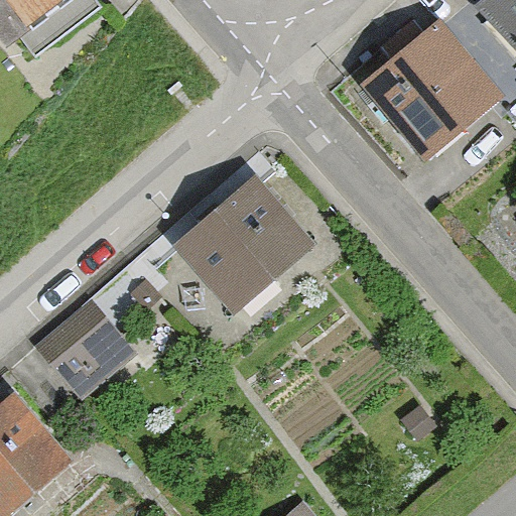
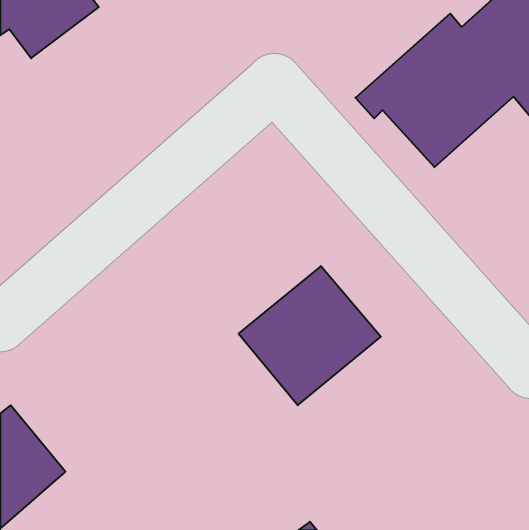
building: [173,175,311,310] -> [239,266,381,405]
building: [41,305,134,397] -> none

